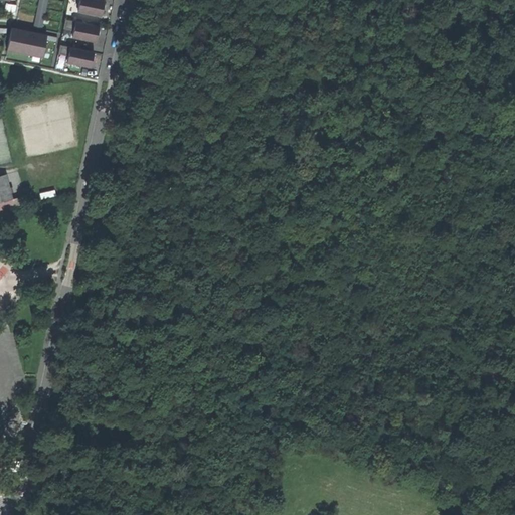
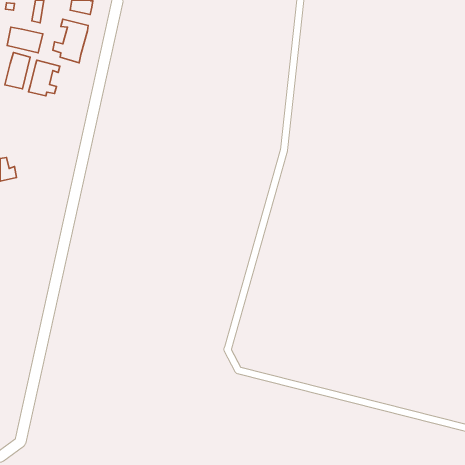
building: none -> [5,52,30,89]
building: none -> [28,60,60,96]

